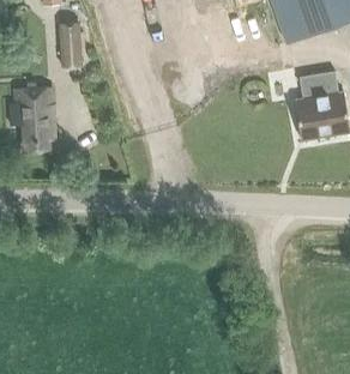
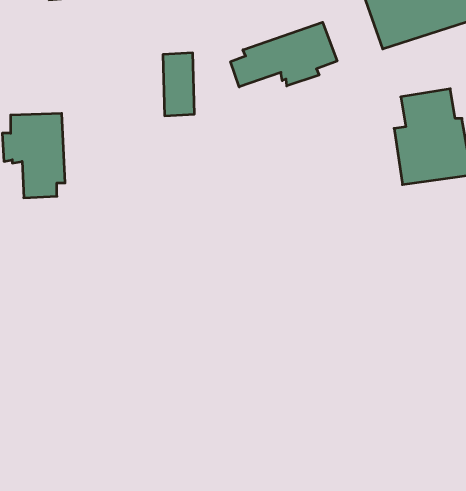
building: [59,22,82,67] -> [163,53,194,116]
building: none -> [231,22,337,87]

